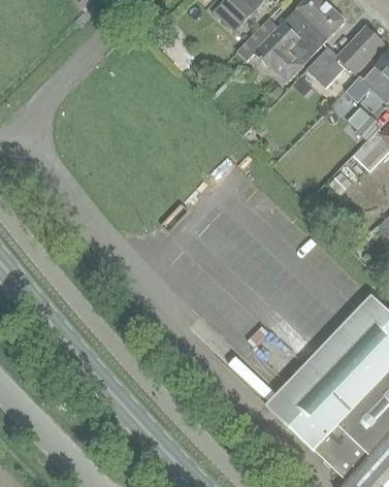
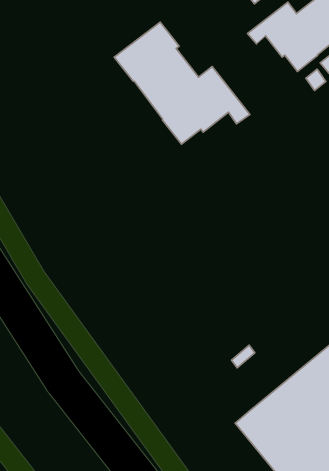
building: none -> [114,22,250,144]

